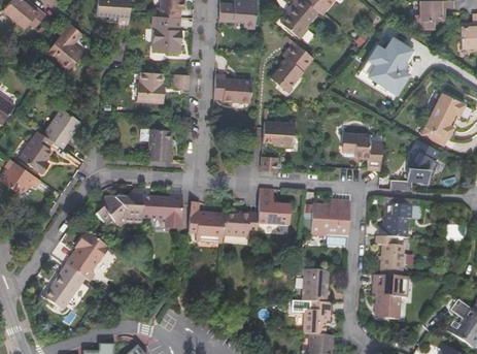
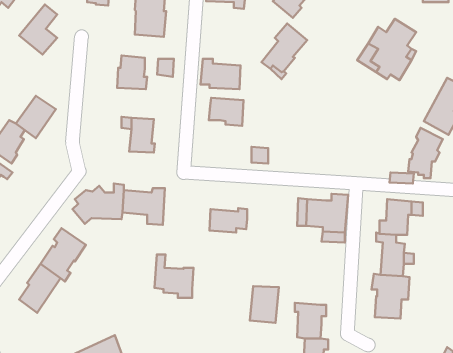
building: [263,122,295,148] -> [209,98,243,126]
building: [345,133,382,170] -> none
building: [258,188,289,225] -> none
building: [188,201,224,242] -> [154,255,193,298]
building: [302,268,329,302] -> [250,286,279,323]

